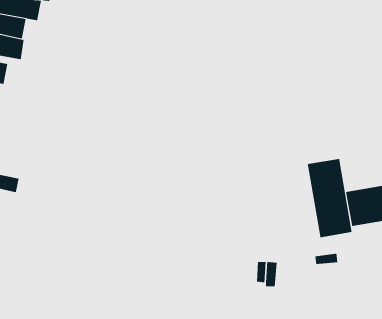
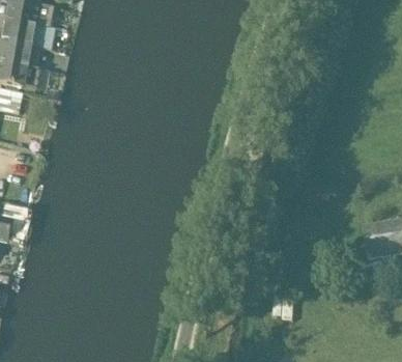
building: [307,158,352,238] -> none

